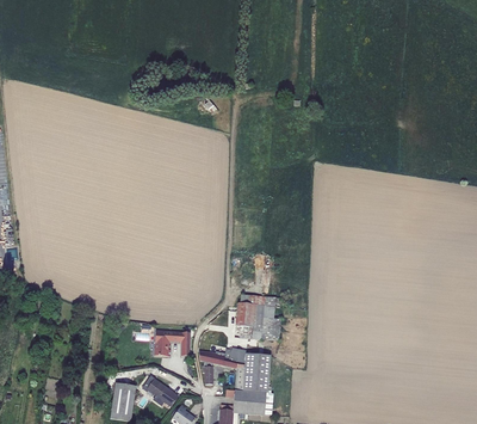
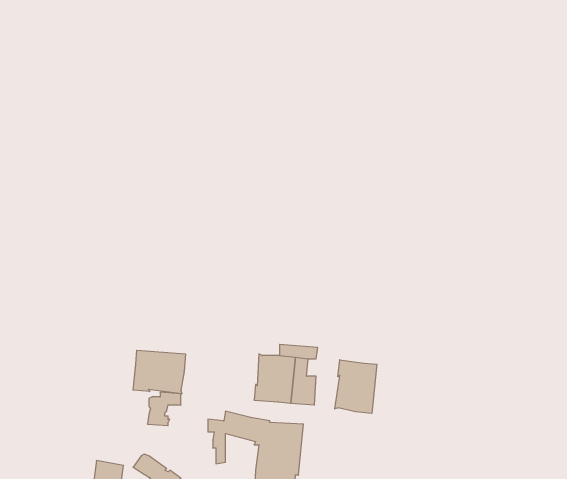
building: none -> [133,350,185,394]
building: none -> [335,360,377,413]

